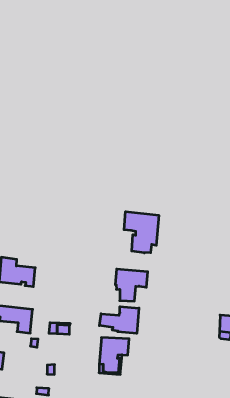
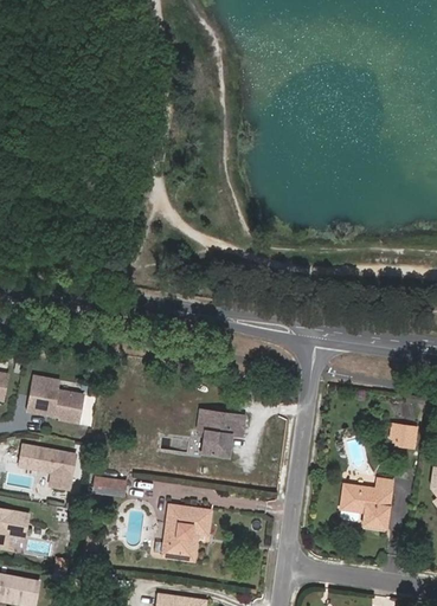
building: [124,212,159,253] -> none
building: [99,307,139,333] -> none

